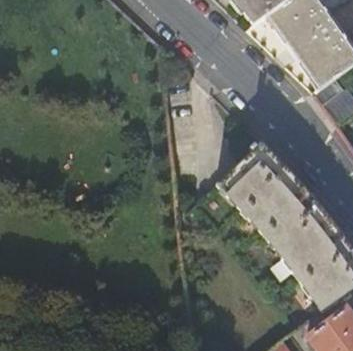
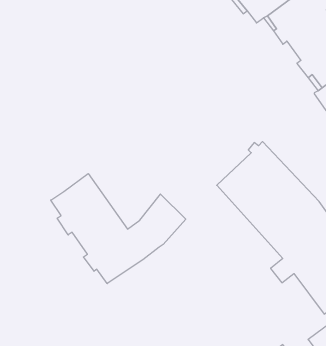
building: none -> [51,174,186,284]

